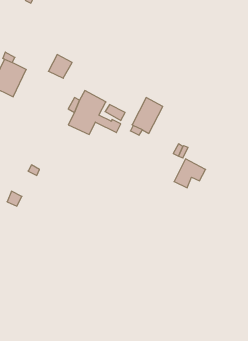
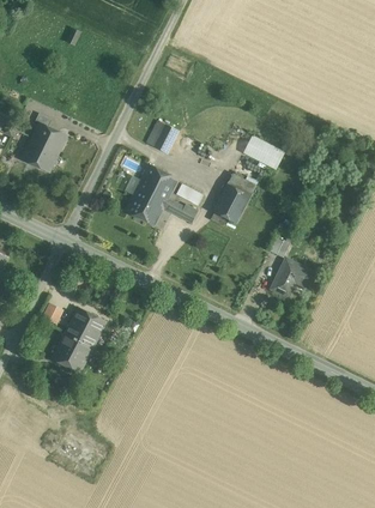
building: [48,55,72,78] -> [145,120,177,152]
building: none -> [243,135,283,169]
building: none -> [50,307,105,373]

